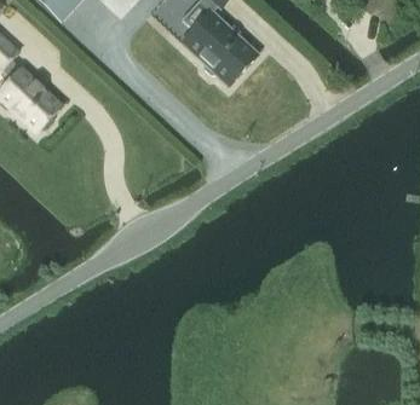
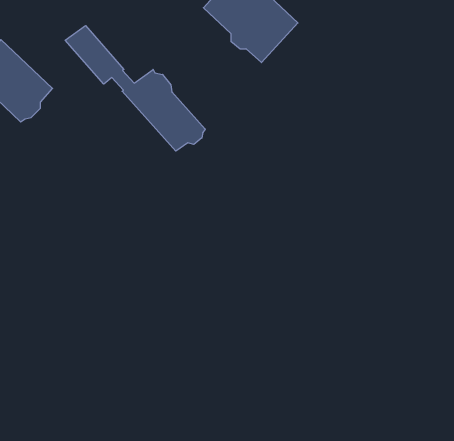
building: none -> [65,26,205,151]

